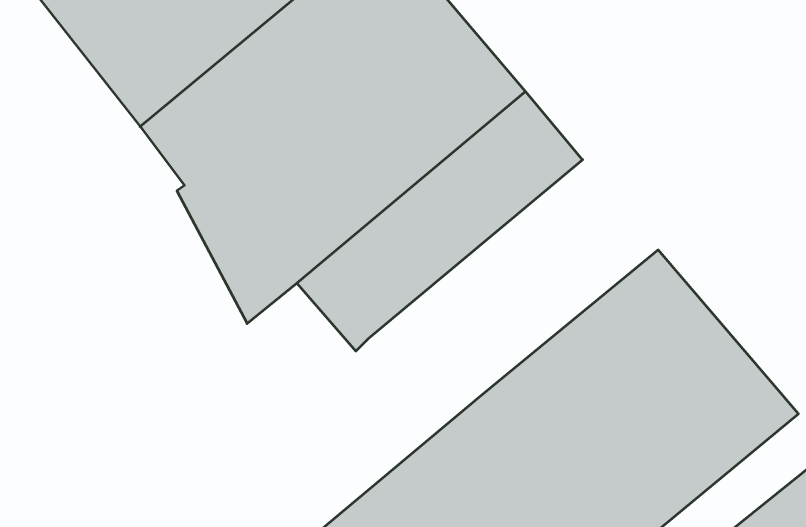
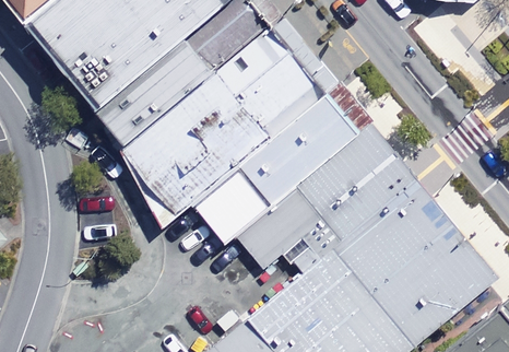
building: none -> [234,132,405,272]

